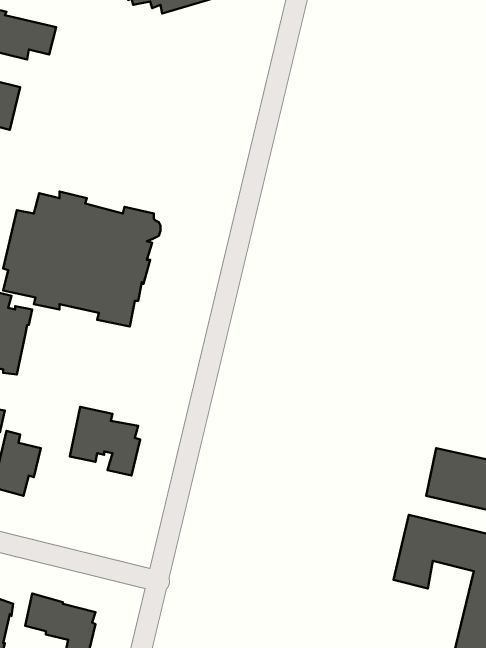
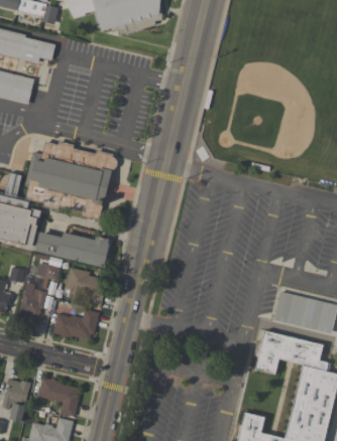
building: none -> [36,232,113,267]
building: none -> [36,261,62,288]
building: none -> [54,309,100,339]

